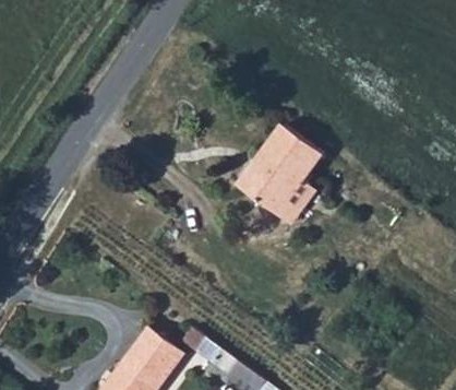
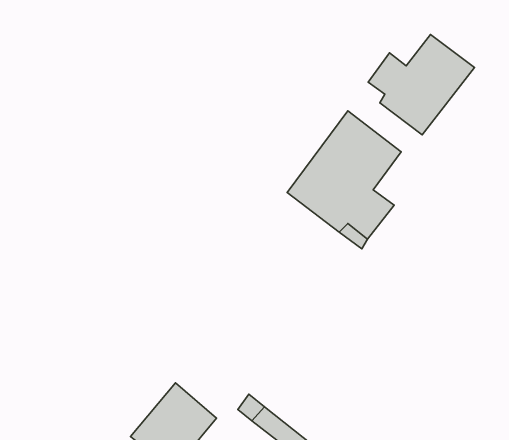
building: none -> [368,35,474,135]

